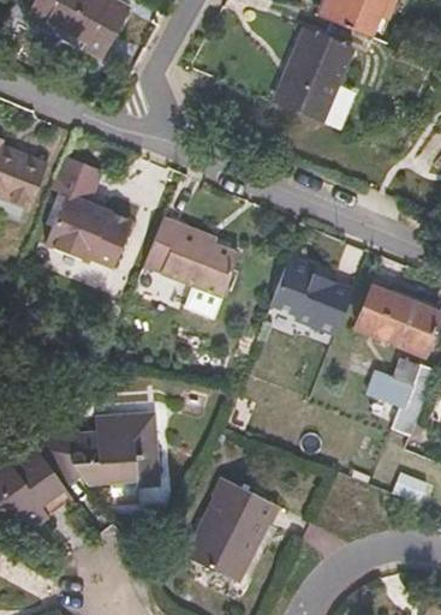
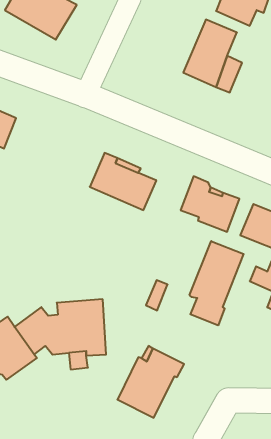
building: [48,157,135,267] -> none
building: none -> [190,241,244,325]

